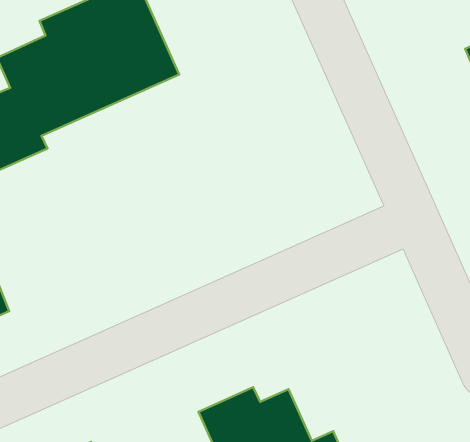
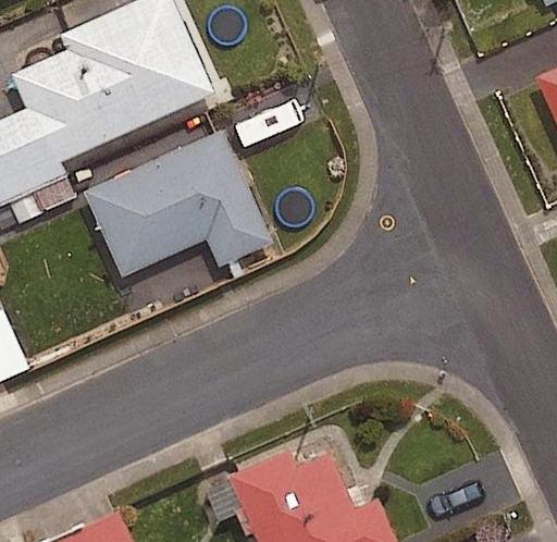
building: none -> [82,132,271,279]

